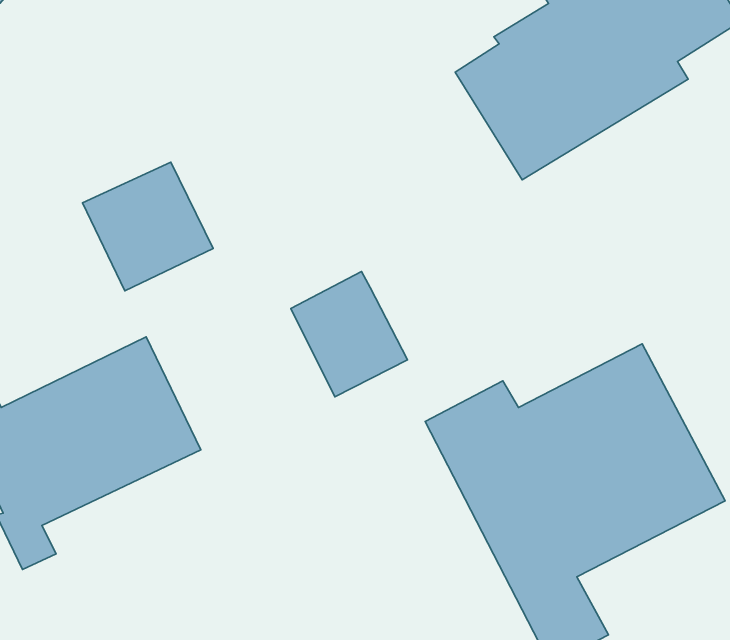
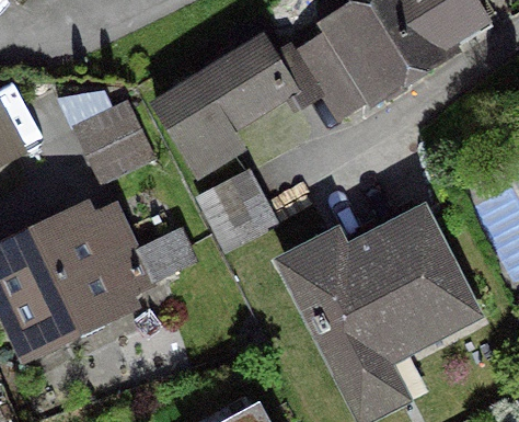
building: none -> [157,46,282,171]

